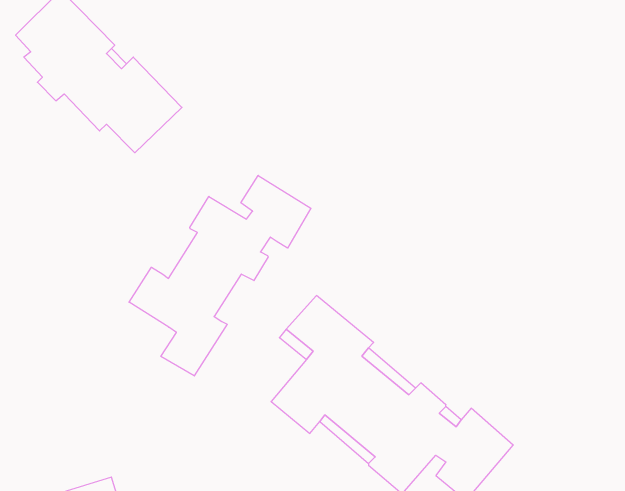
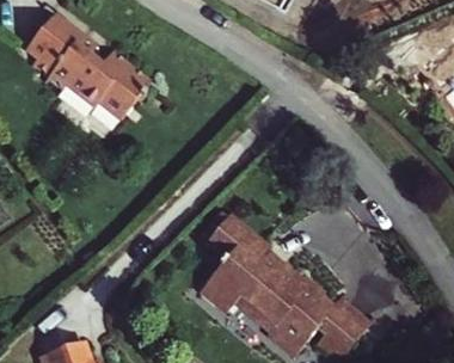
building: [129,175,311,376] -> none

